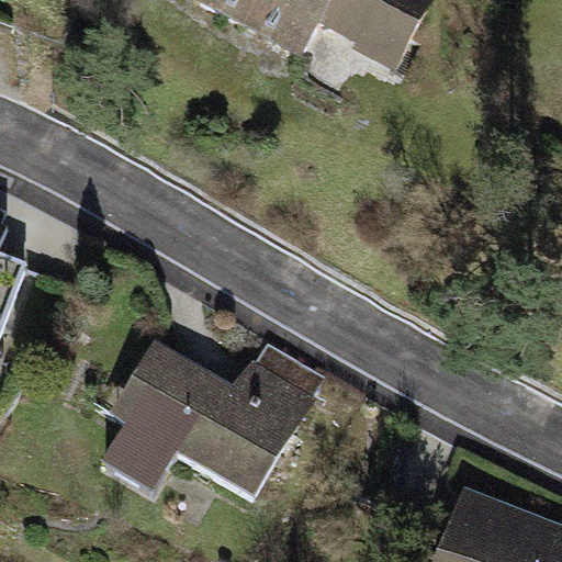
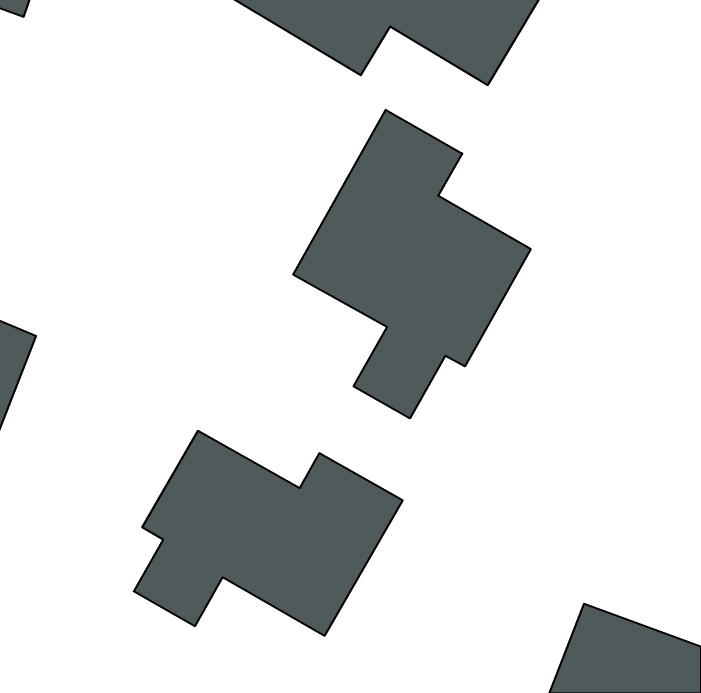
building: none -> [293,110,531,418]

